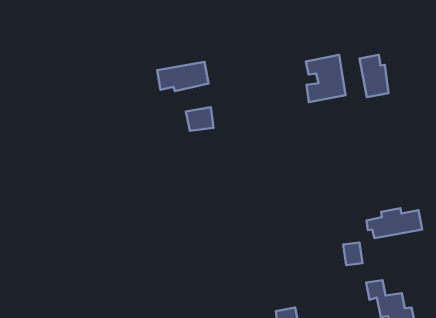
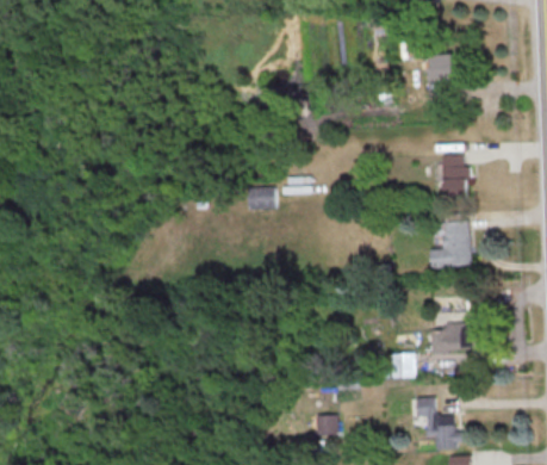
building: [306,55,346,102] -> [430,222,471,268]
building: [157,62,208,91] -> none

